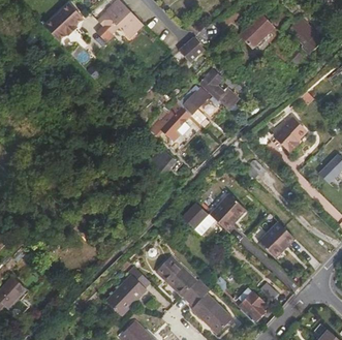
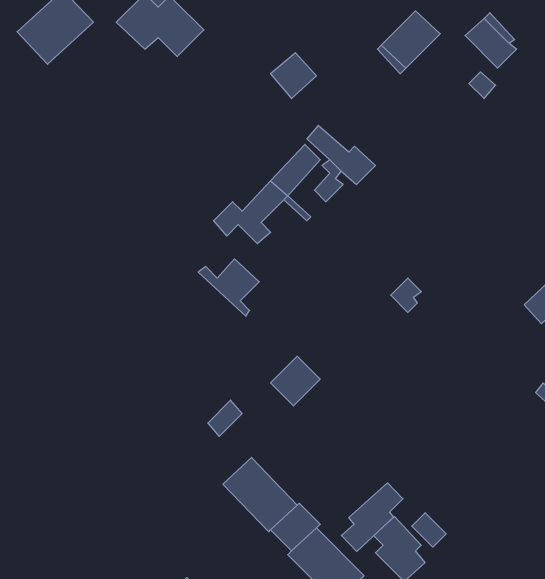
building: [273,118,308,154] -> none
building: [211,194,248,230] -> none
building: [258,222,294,258] -> none
building: [105,265,151,314] -> none
building: none -> [341,483,403,551]

